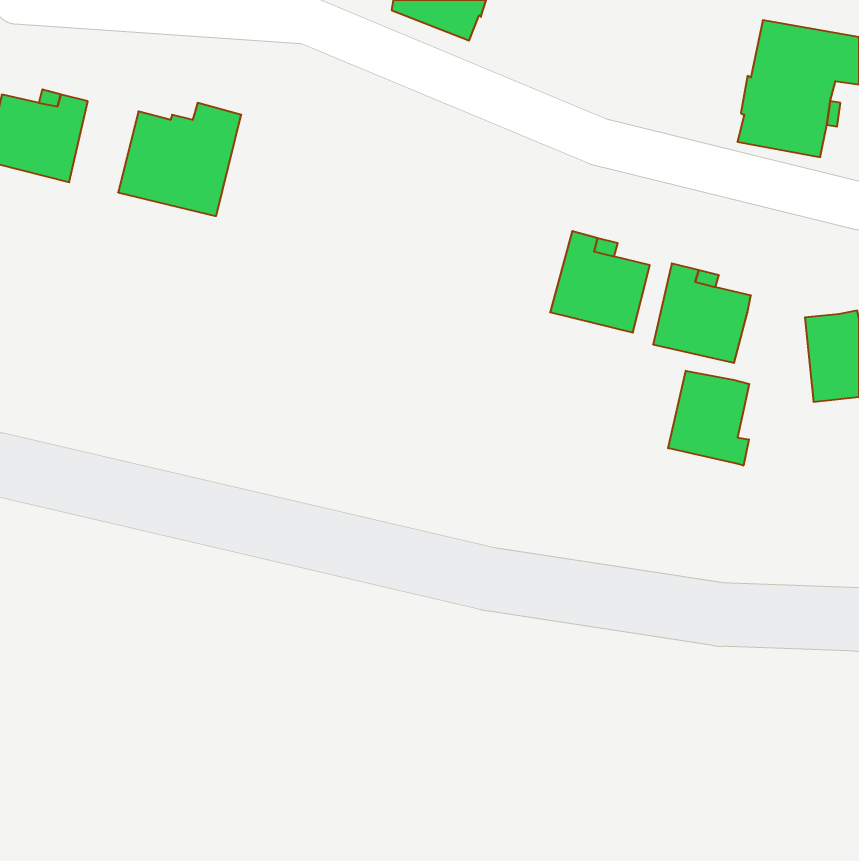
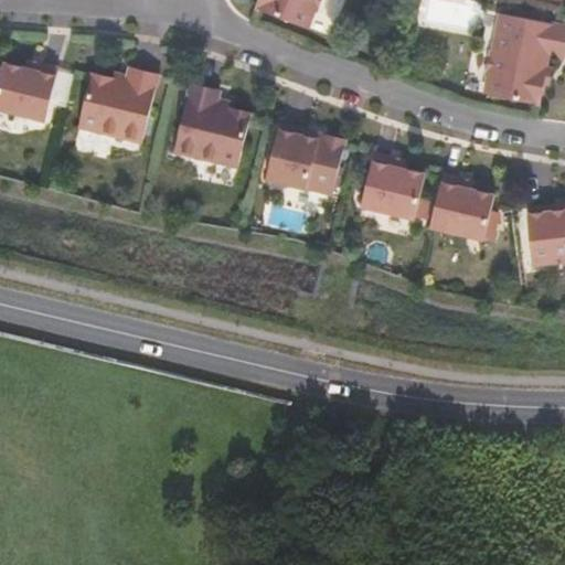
building: none -> [173,85,250,167]
building: none -> [266,125,345,194]
building: [668,371,749,466] -> none

